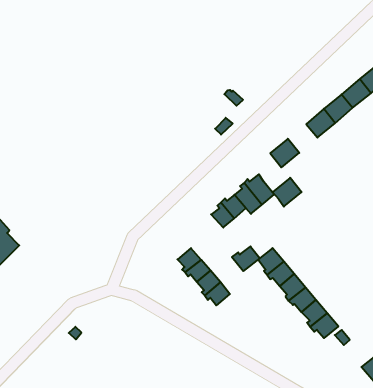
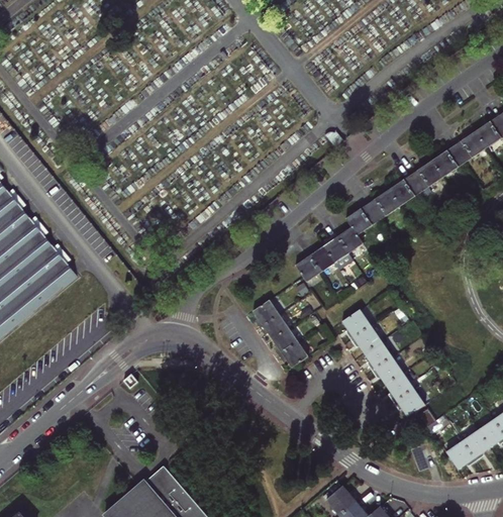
building: none -> [389,175,422,206]
building: [273,178,302,207] -> [346,203,379,234]
building: [232,246,260,271] -> none

